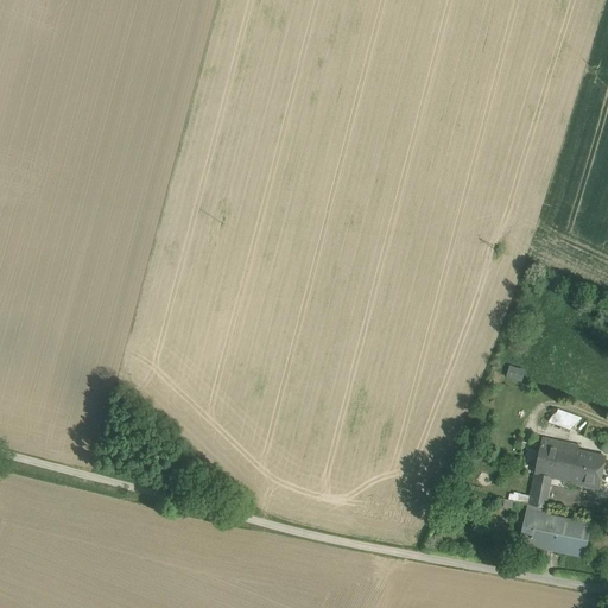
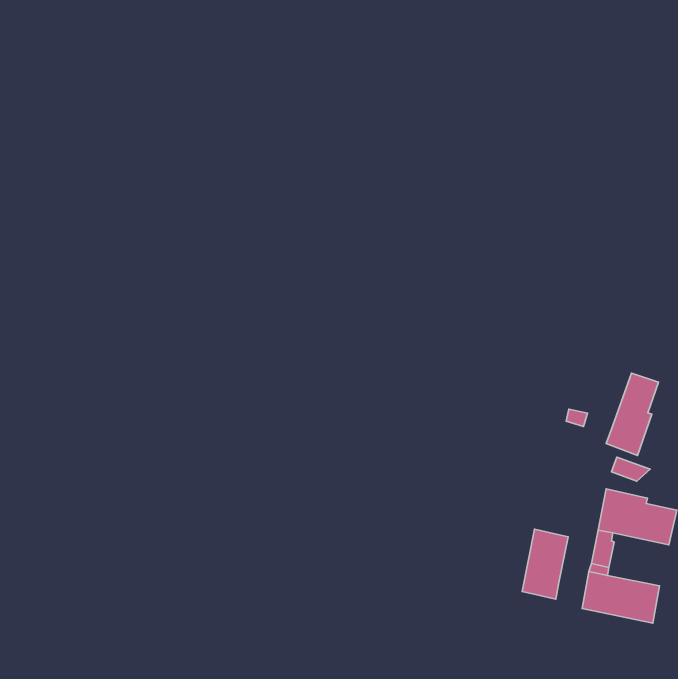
building: none -> [606,373,659,456]
building: none -> [522,529,568,599]

